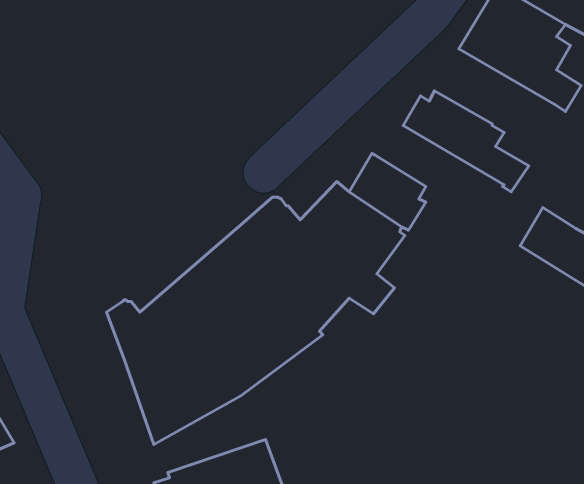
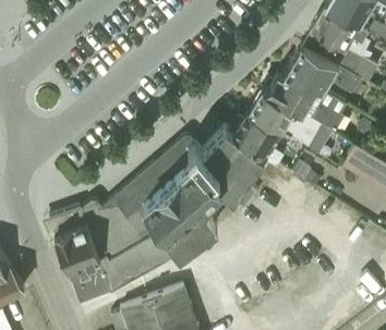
building: none -> [286,46,361,95]
building: none -> [249,90,329,152]
building: none -> [49,208,110,304]

